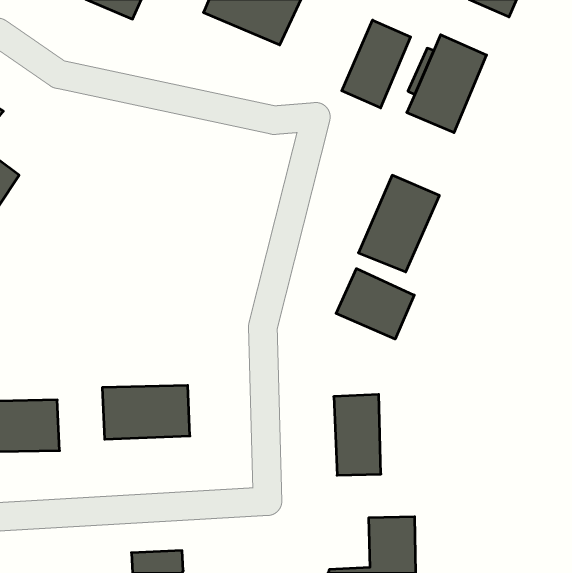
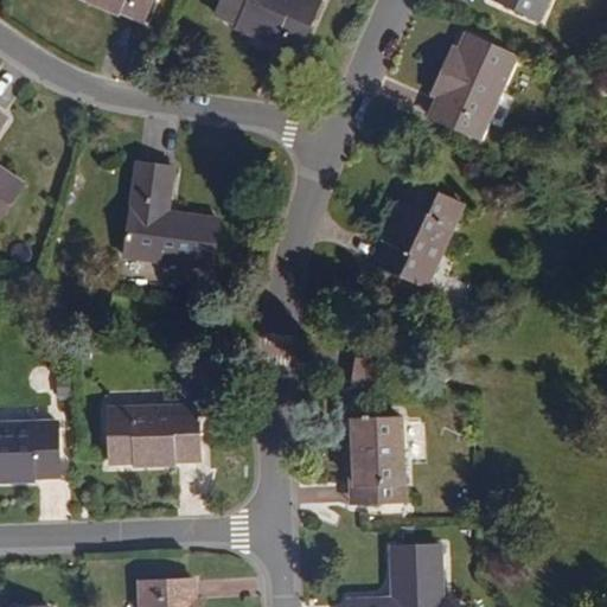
building: [342,20,411,108] -> none
building: none -> [123,165,216,267]
building: [336,269,414,339] -> none

